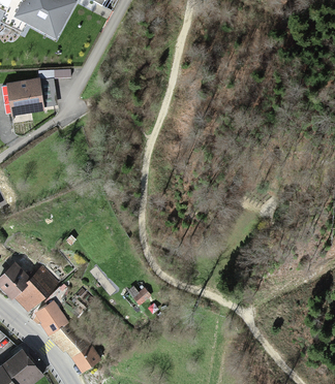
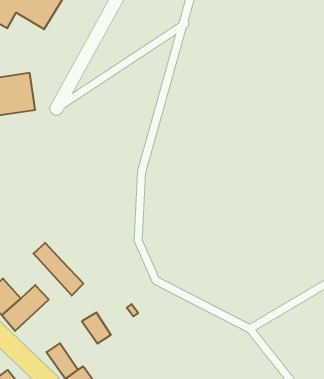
building: none -> [33,243,83,296]
building: [39,306,66,334] -> [82,312,111,344]

